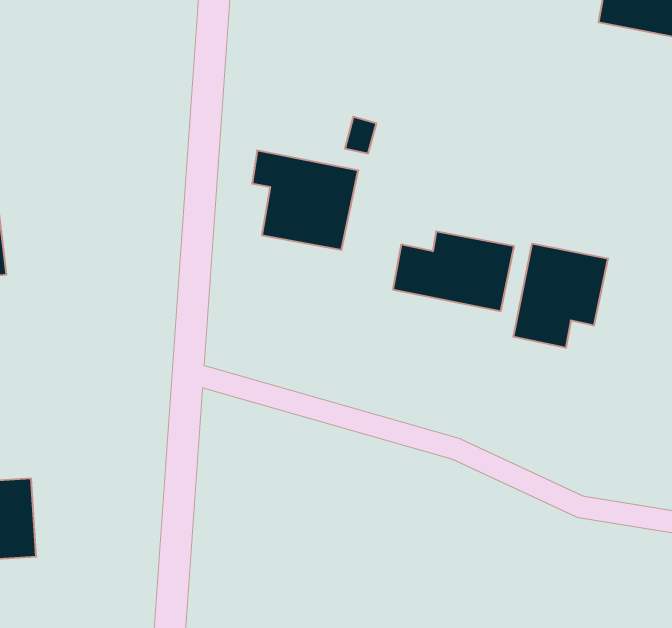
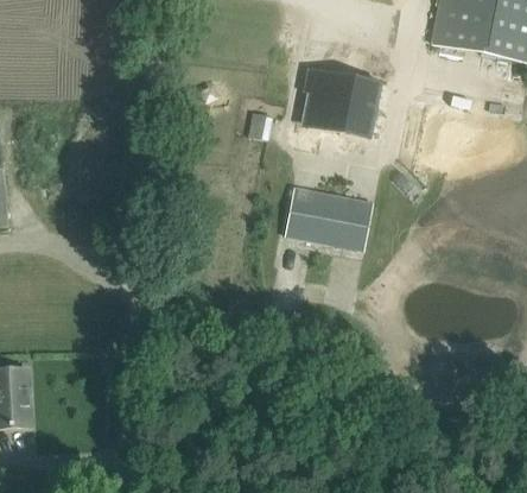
building: [252,150,358,250] -> [303,65,379,137]
building: [514,244,608,348] -> none

